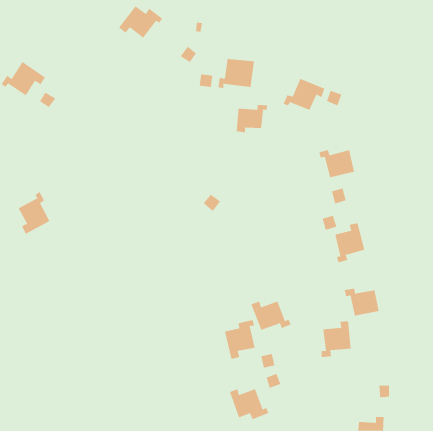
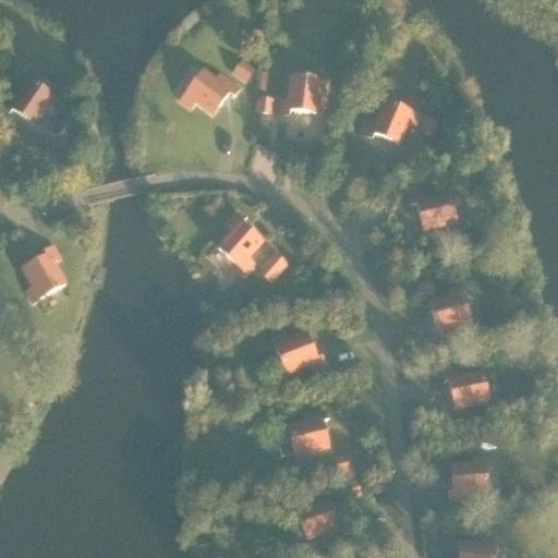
building: [118,5,163,39] -> [181,70,239,112]
building: [236,104,267,133] -> none
building: none -> [218,213,262,270]
building: [251,301,291,331] -> [272,332,325,371]
building: [321,321,351,357] -> [449,453,488,500]

